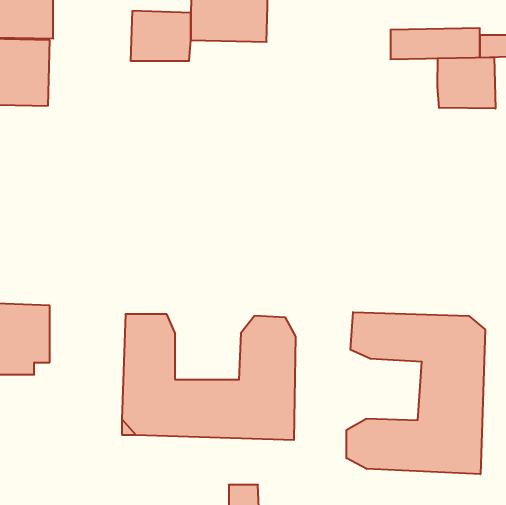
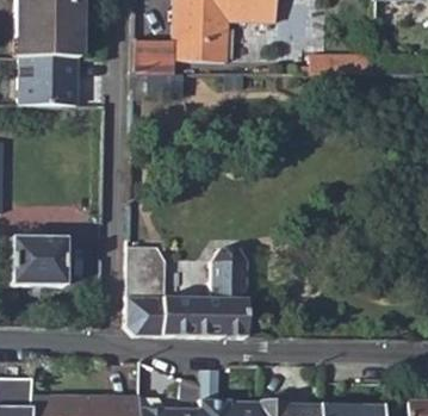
building: [438,57,495,109] -> none
building: [346,312,485,474] -> none

